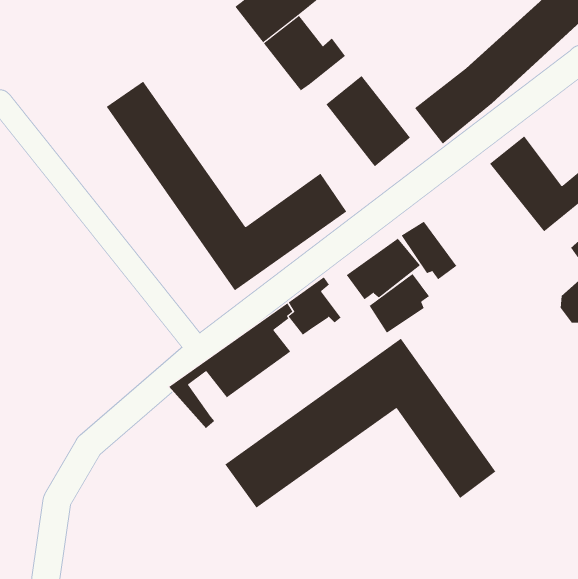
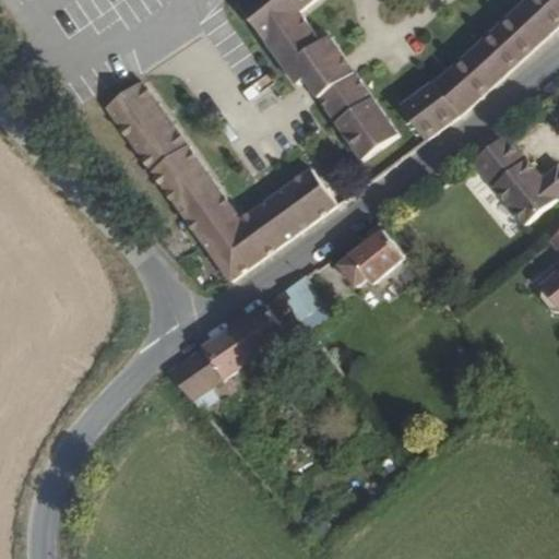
building: none -> [301,53,350,100]
building: [401,221,457,280] -> none
building: [369,273,430,334] -> none
building: [225,338,496,509] -> none

